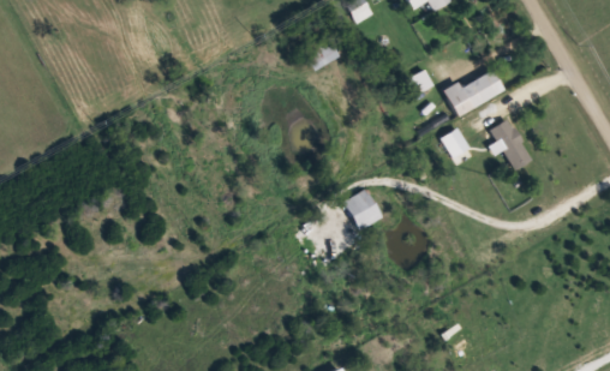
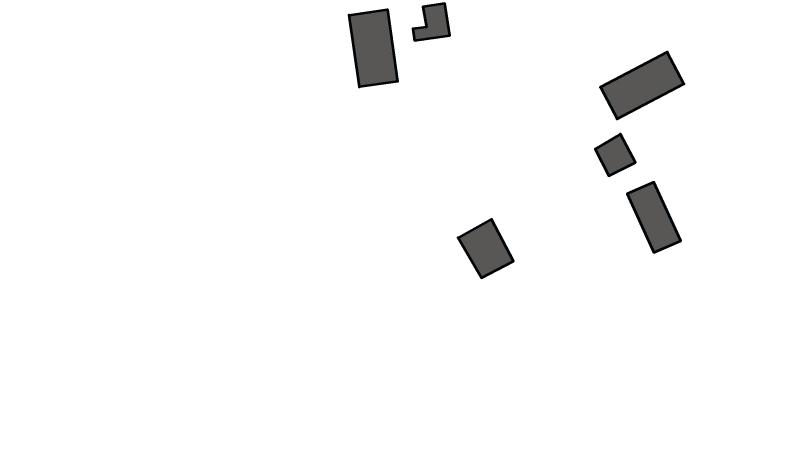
building: none -> [349,10,398,87]
building: [492,119,531,169] -> [627,182,681,252]

